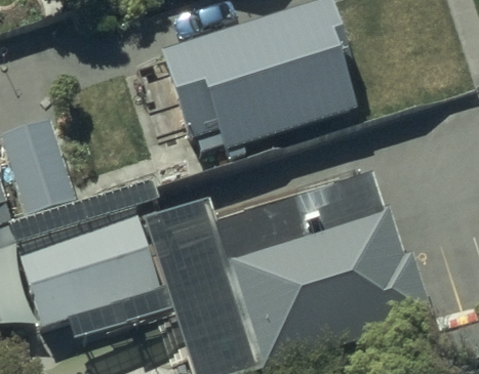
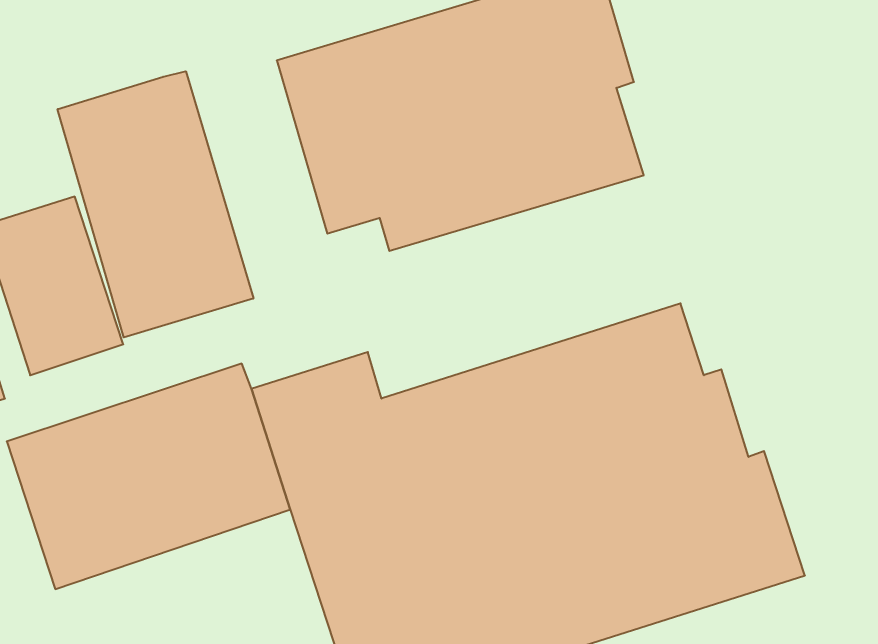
building: none -> [58,71,253,337]

